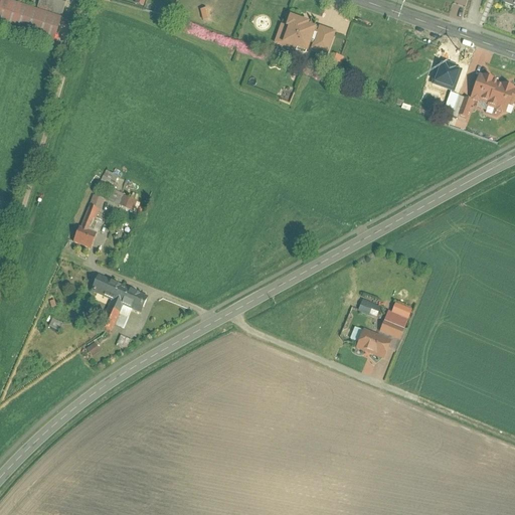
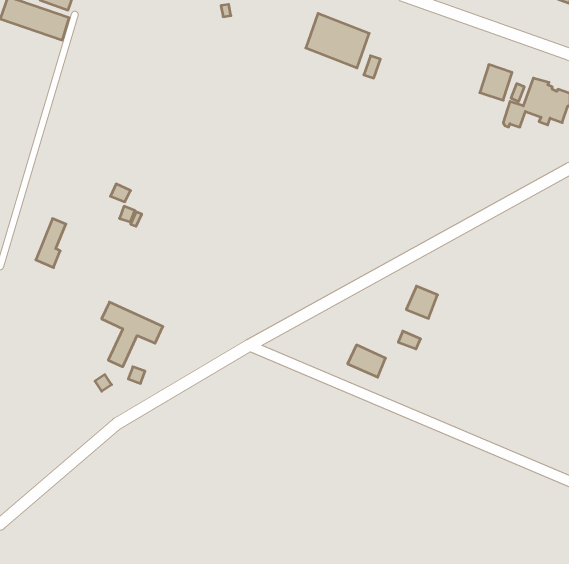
building: [73,201,101,245] -> [36,219,66,268]
building: [380,309,408,338] -> [406,286,438,318]
building: [358,330,392,359] -> [348,345,386,377]

